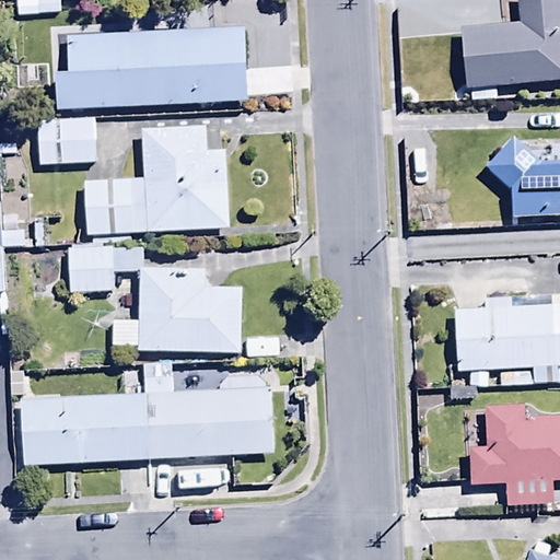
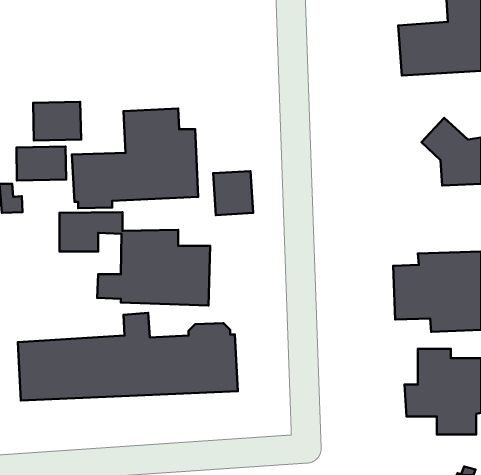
building: [56,26,247,108] -> none
building: none -> [16,147,66,180]
building: none -> [213,171,253,215]

